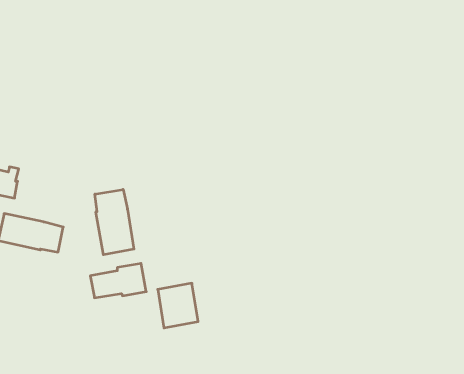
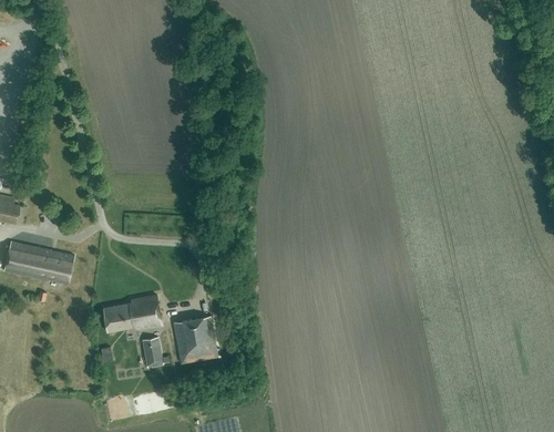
building: [95,189,134,255] -> none
building: none -> [142,338,162,368]

